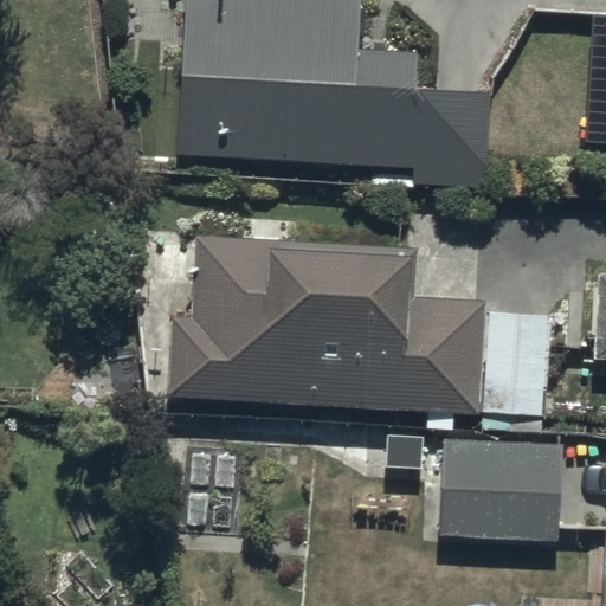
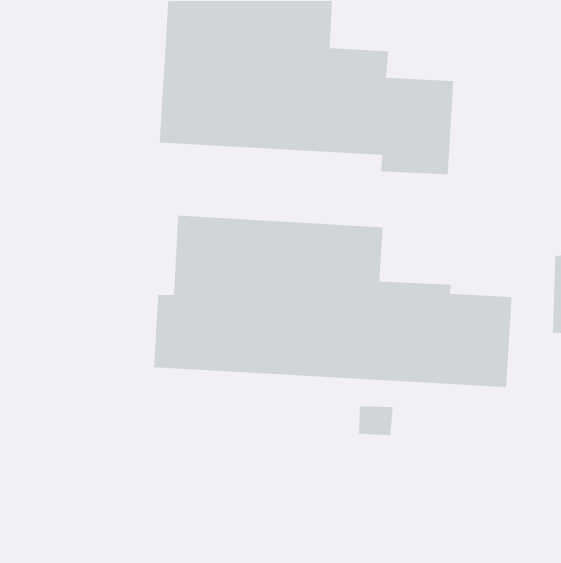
building: [444,434,567,541] -> none

